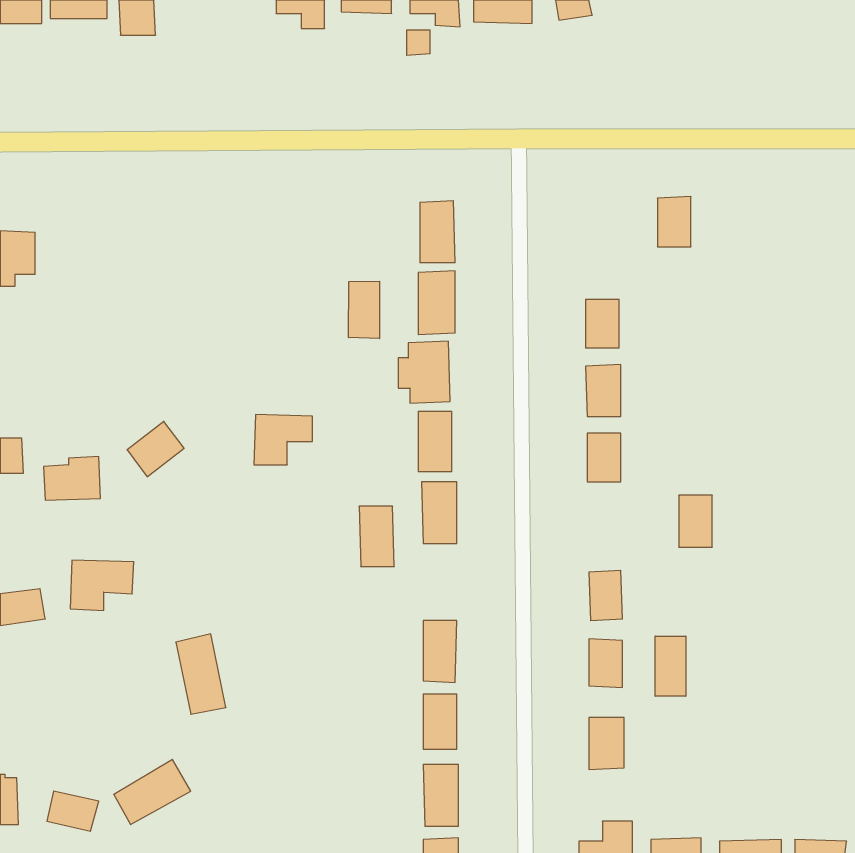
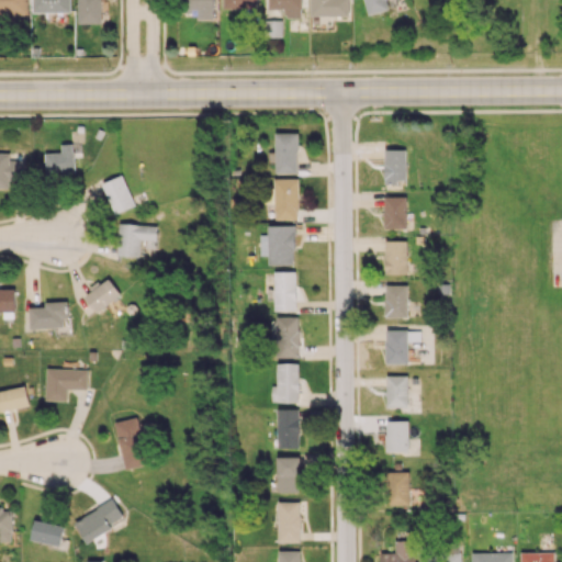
building: [657,197,691,247] -> [384,149,406,182]
building: none -> [45,144,75,173]
building: none -> [103,176,134,214]
building: [349,281,379,339] -> none
building: [254,415,312,465] -> [117,224,156,257]
building: [679,495,712,547] -> [385,330,407,364]
building: [359,506,394,567] -> [277,363,300,403]
building: [655,636,686,696] -> none

